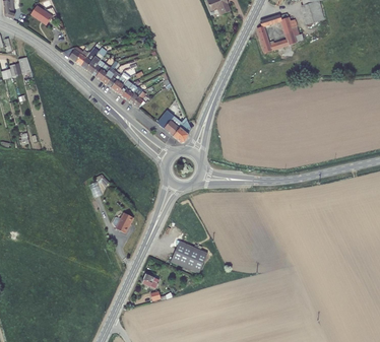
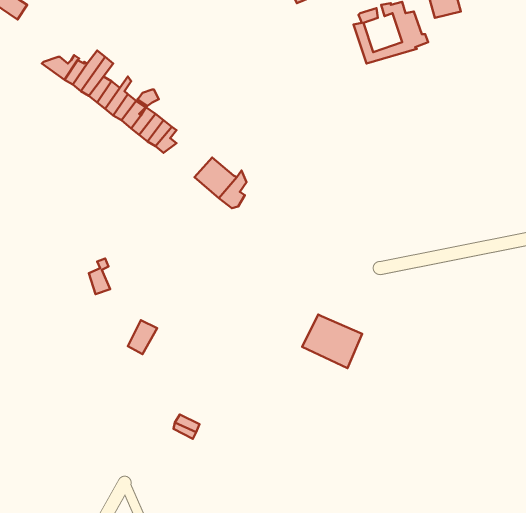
building: [171,237,208,271] -> [302,314,362,368]

